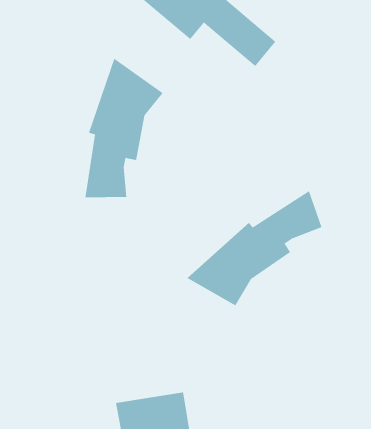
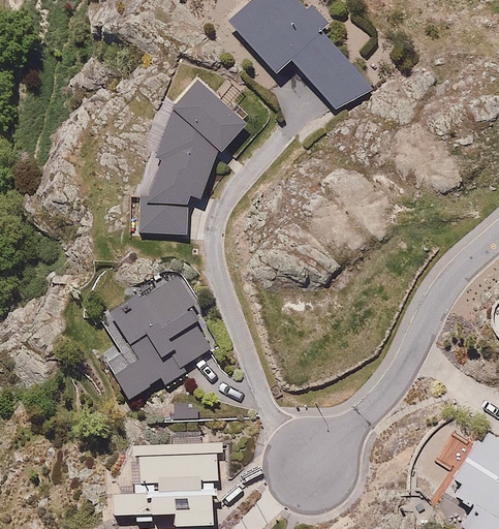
building: [186,190,322,306] -> none
building: none -> [107,271,211,395]

